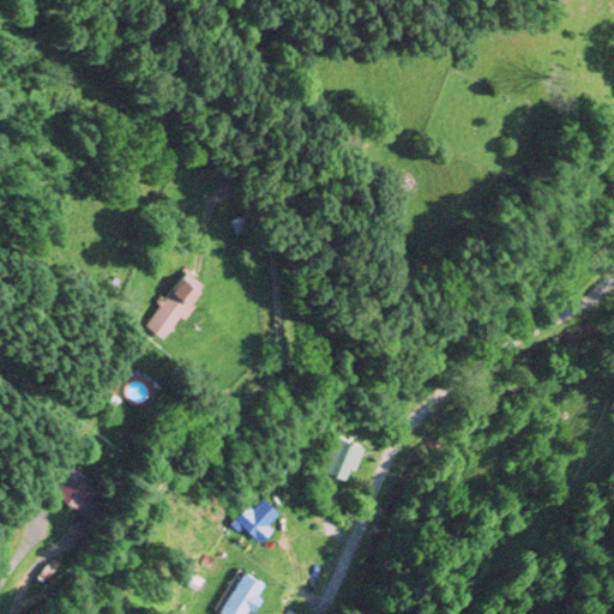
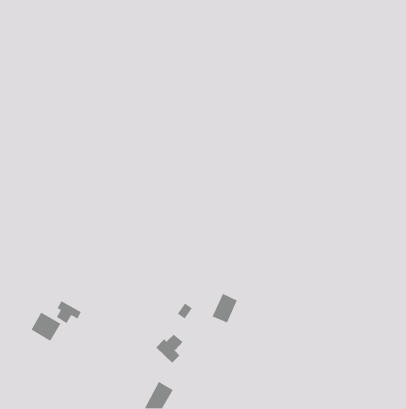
building: [150,277,200,339] -> none
building: none -> [56,300,82,324]

